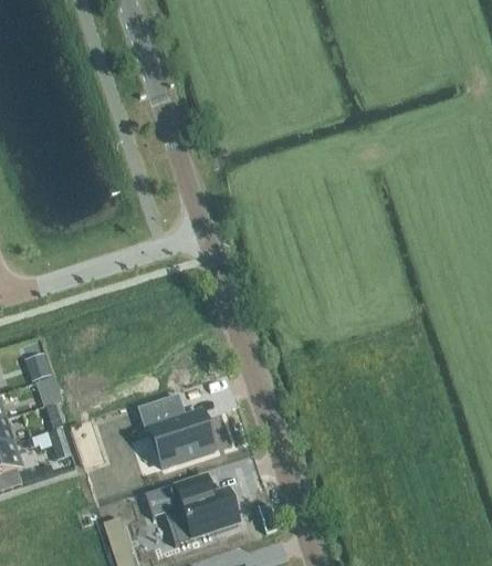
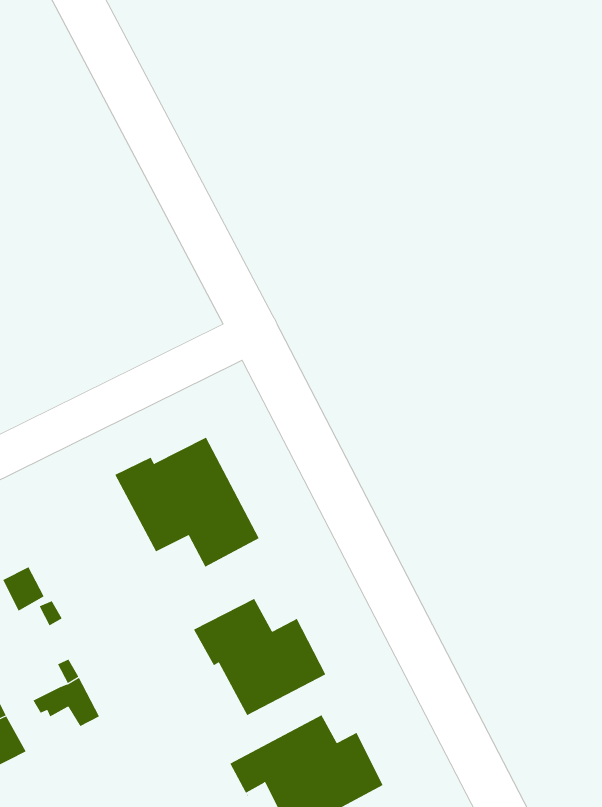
building: none -> [114,437,259,568]

